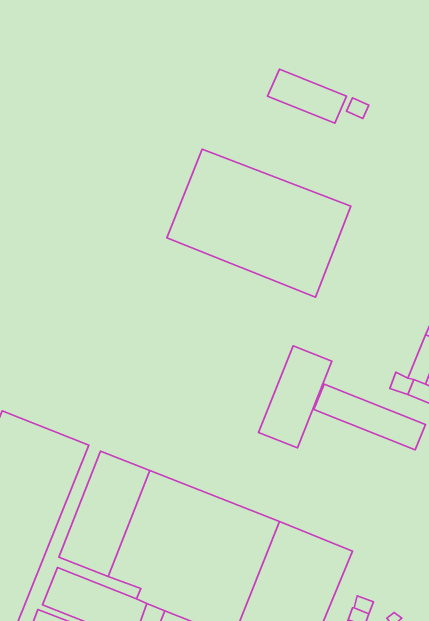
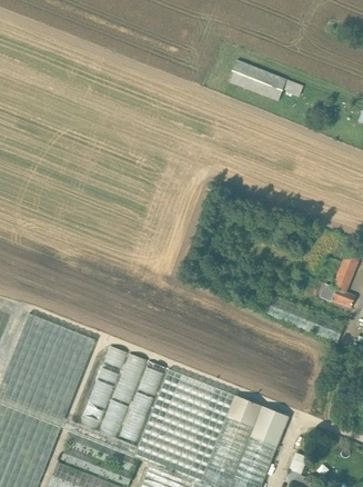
building: [167,149,351,297] -> none
building: [259,346,332,448] -> none

